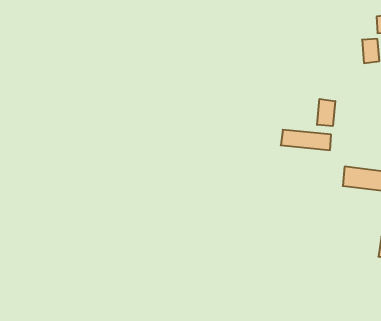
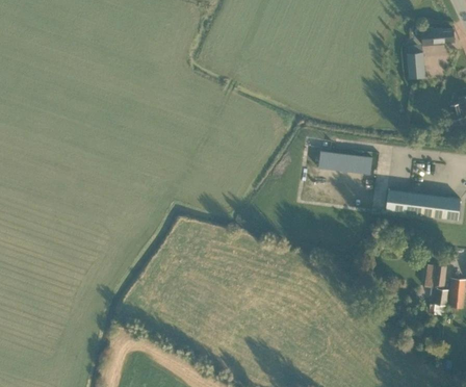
building: [317,99,335,126] -> none

